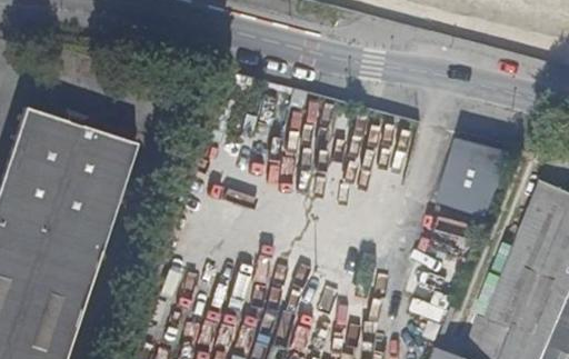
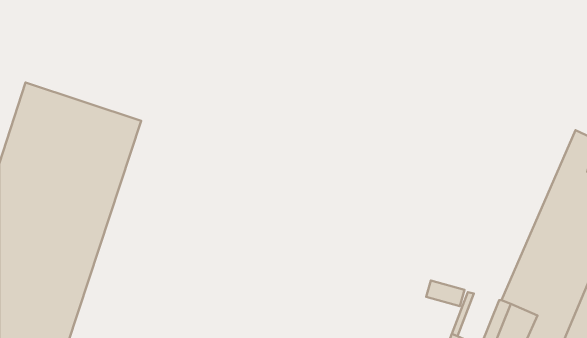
building: [439,139,508,217] -> none

